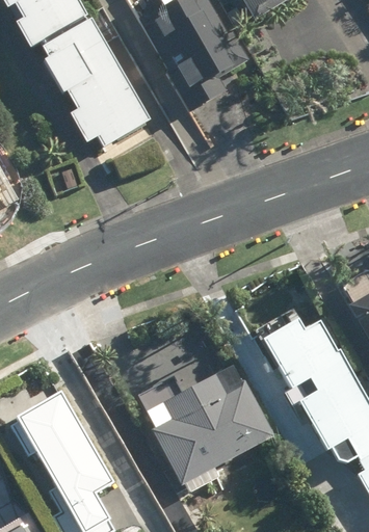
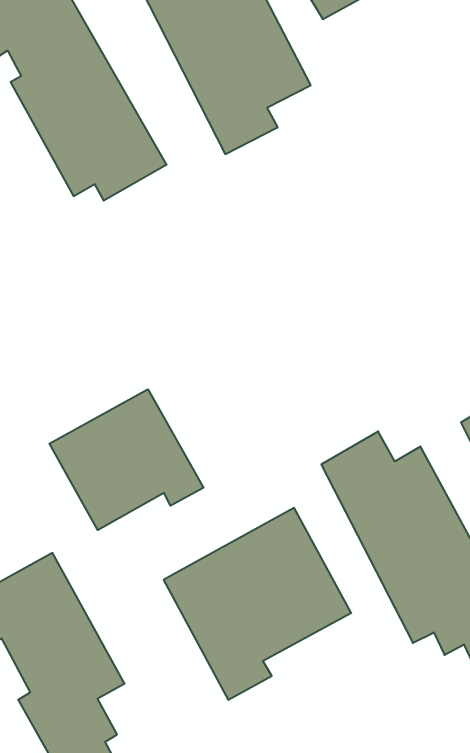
building: none -> [49,389,203,530]

